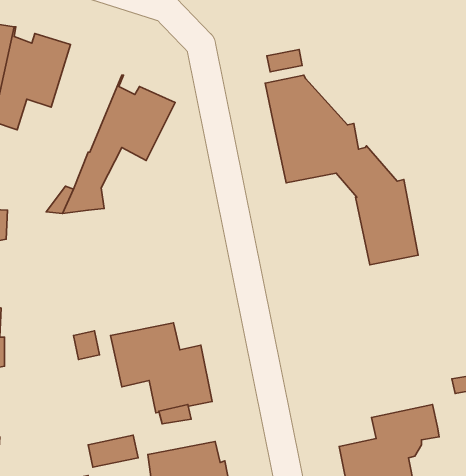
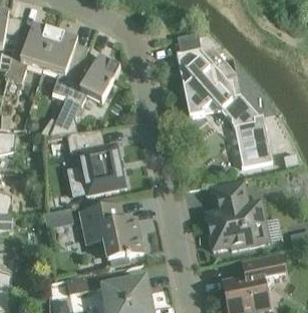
building: none -> [42,30,86,97]
building: none -> [65,128,124,196]
building: none -> [204,182,268,251]

